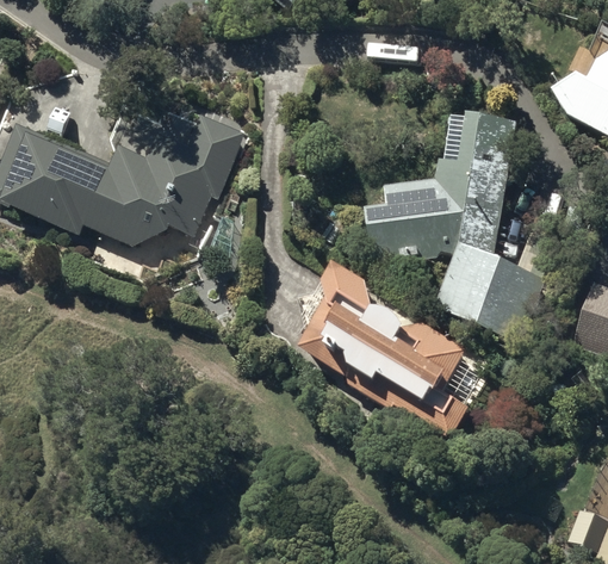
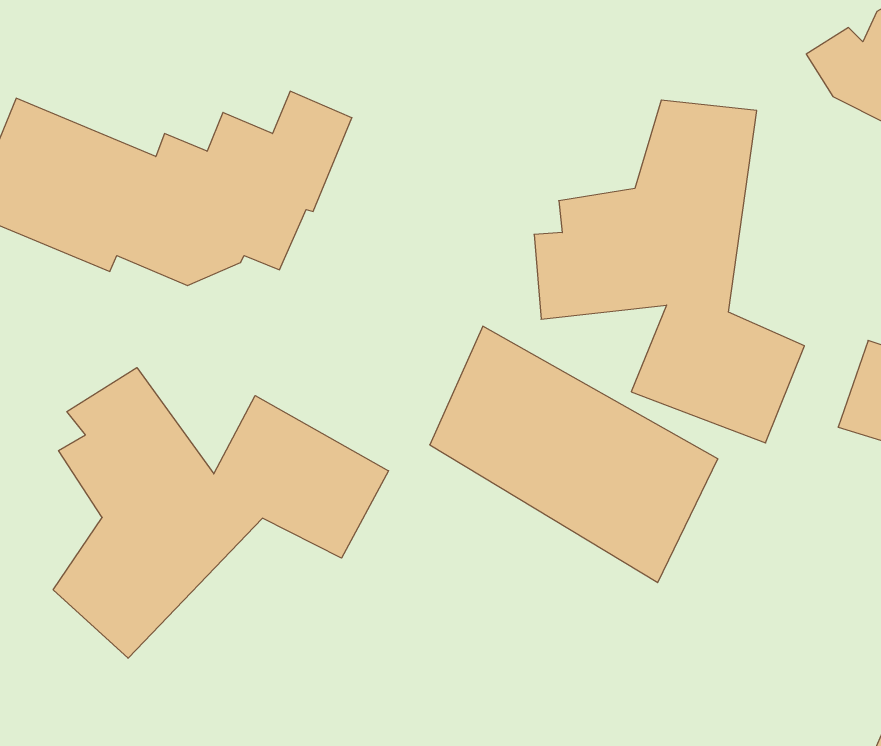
building: none -> [53,368,389,658]

